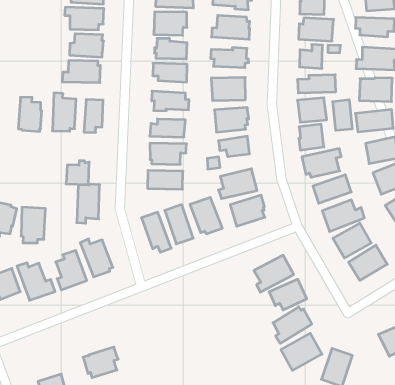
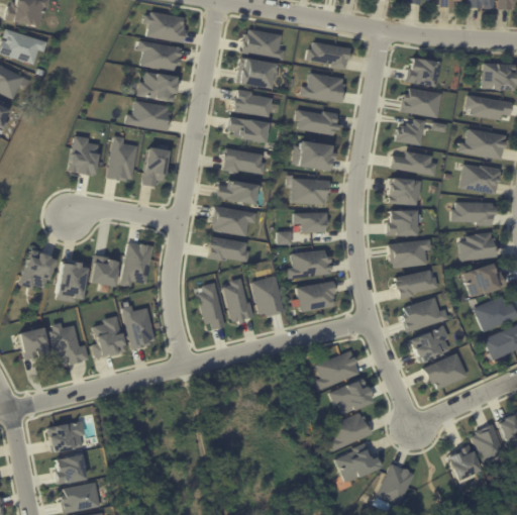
building: [333,100,352,130] -> none
building: [66,161,89,185] -> [91,259,120,287]
building: [83,347,118,378] -> [47,420,87,451]

